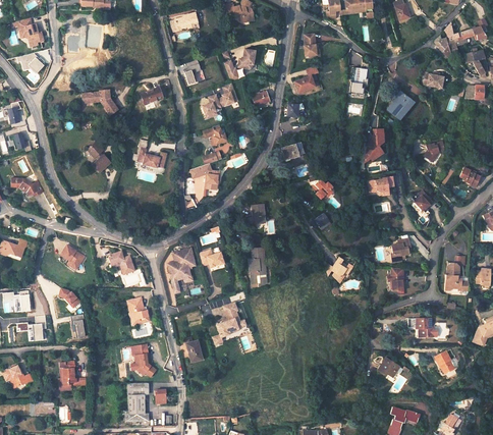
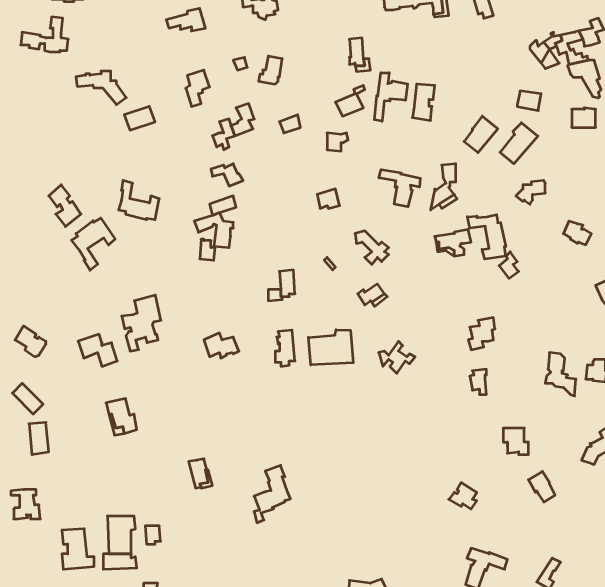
building: none -> [374,73,408,121]
building: [78,90,115,114] -> [76,71,126,105]
building: none -> [500,123,538,164]
building: none -> [379,170,420,207]
building: none -> [467,215,506,259]
building: none -> [72,218,115,270]
building: none -> [308,330,353,365]
building: [165,249,194,289] -> [122,295,161,351]
building: [216,303,242,344] -> [254,465,290,523]
building: [130,344,154,374] -> [62,529,94,569]

